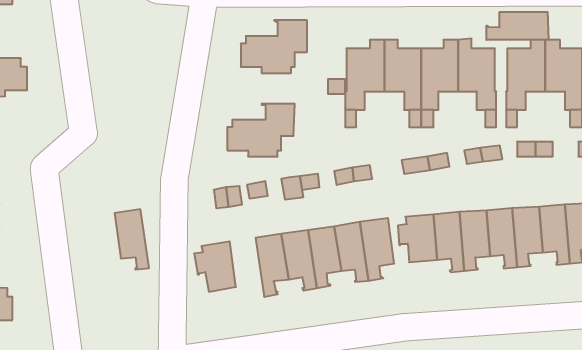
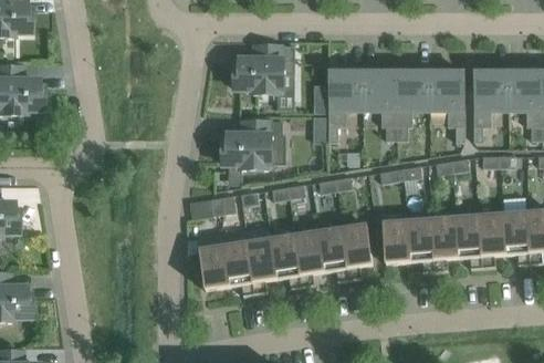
building: [486,12,549,40] -> none
building: [115,209,149,270] -> [224,241,255,295]

